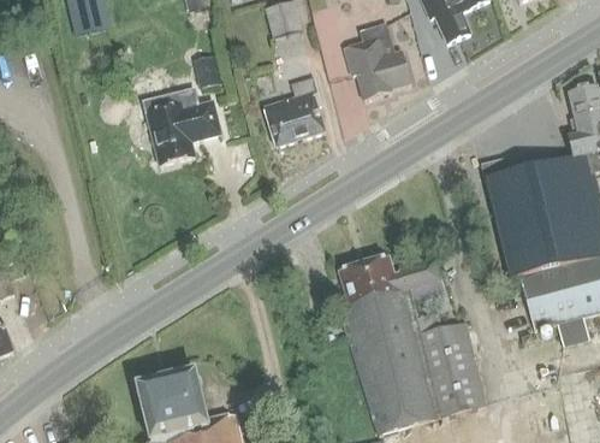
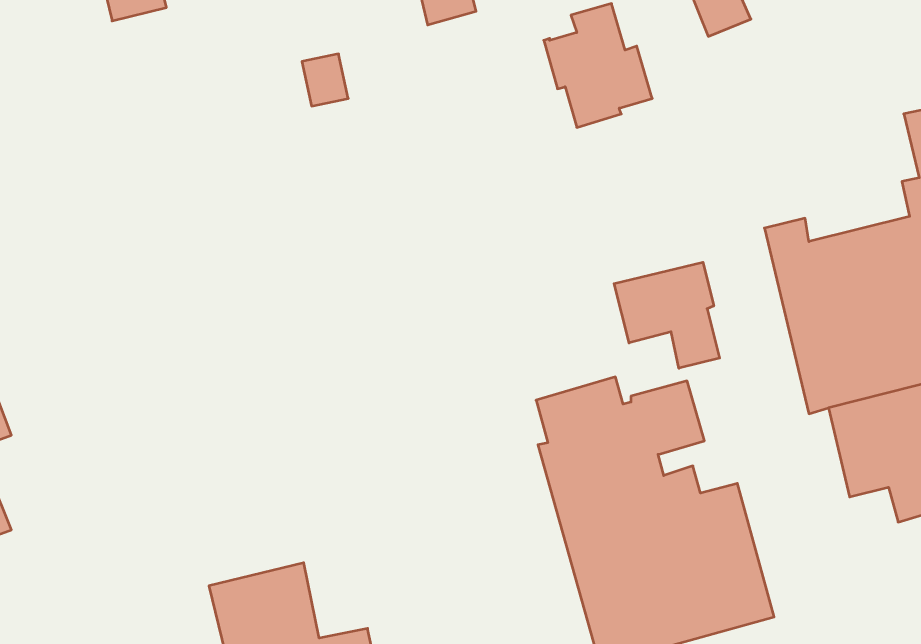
building: [265,76,326,146] -> none
building: [147,100,221,164] -> none
building: none -> [614,262,720,368]

